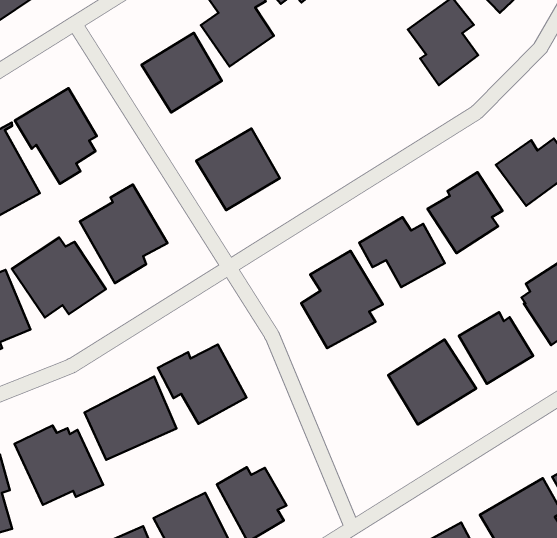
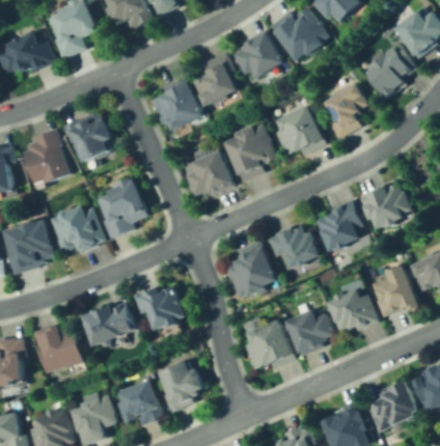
building: none -> [273,105,325,157]
building: none -> [219,126,275,178]
building: none -> [245,322,290,372]

